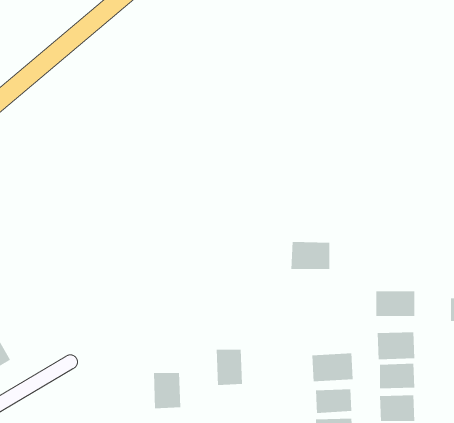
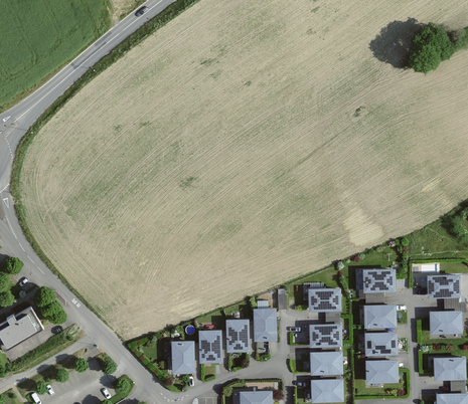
building: [291,241,330,269] -> [307,287,341,312]
building: none -> [254,310,275,341]
building: none -> [199,329,222,362]

